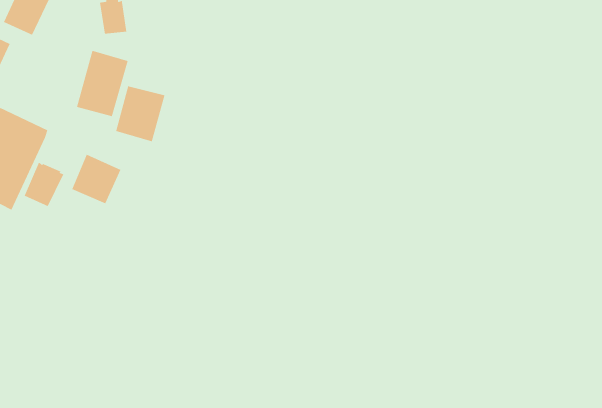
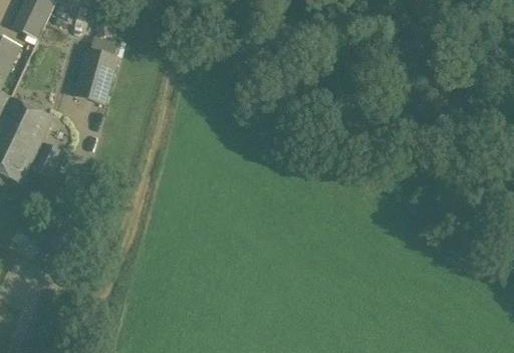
building: [115,85,165,142] -> none
building: [71,154,121,204] -> none

